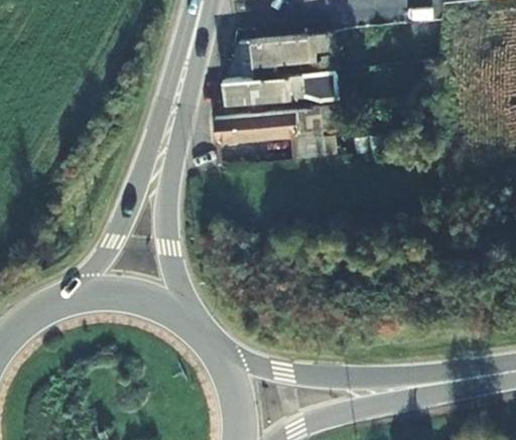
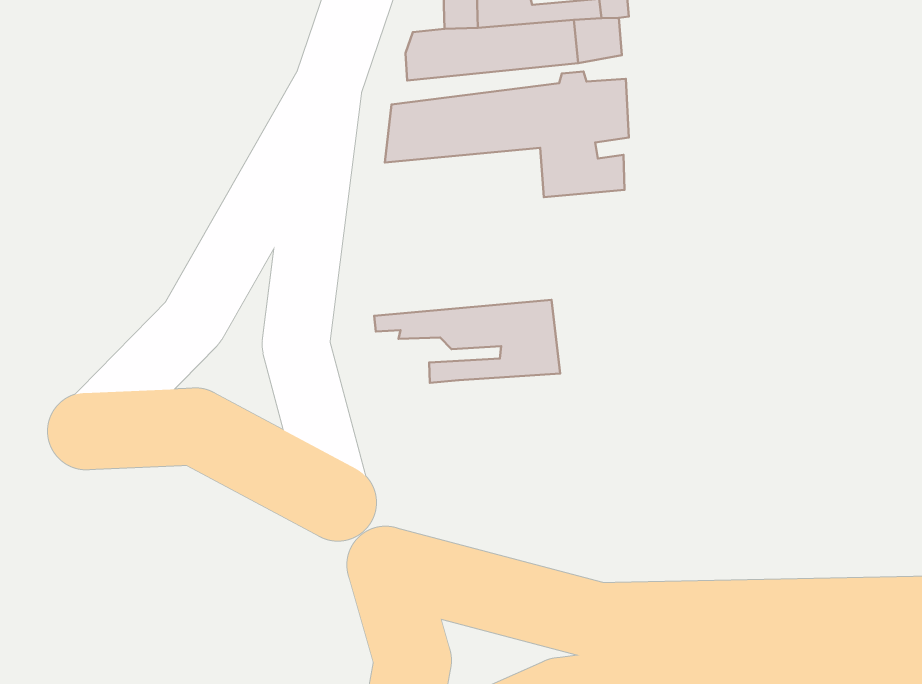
building: none -> [374,300,560,383]

